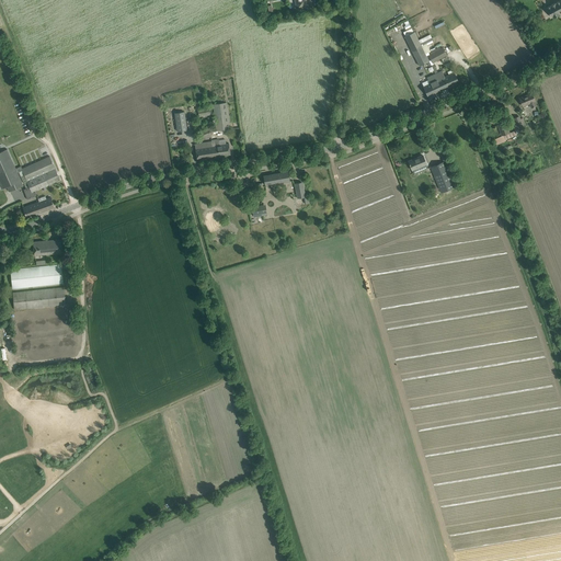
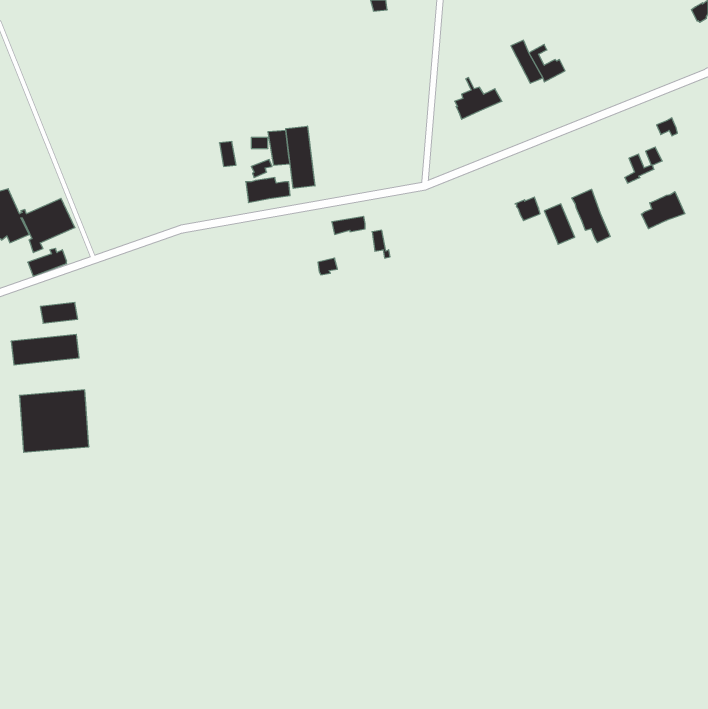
building: [421,64,458,96] -> [455,78,502,119]
building: none -> [286,126,315,188]
building: none -> [572,189,610,243]
building: none -> [641,192,685,229]
building: [12,287,65,309] -> none

